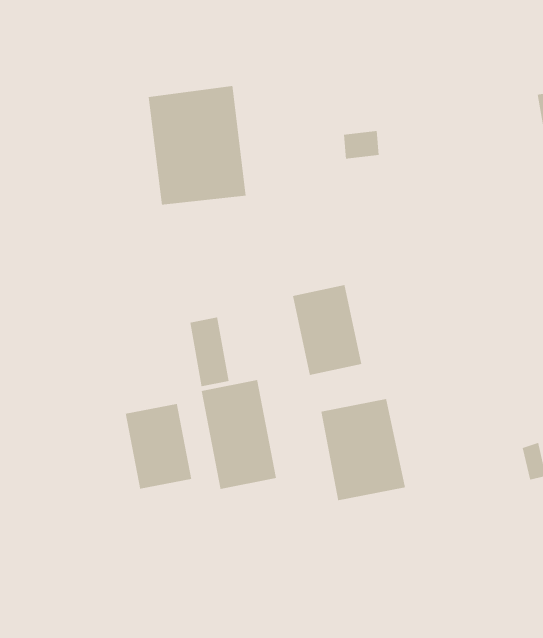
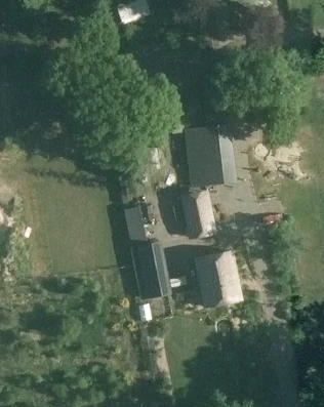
building: [148,86,246,205] -> [183,123,236,188]
building: [125,403,192,489] -> none

